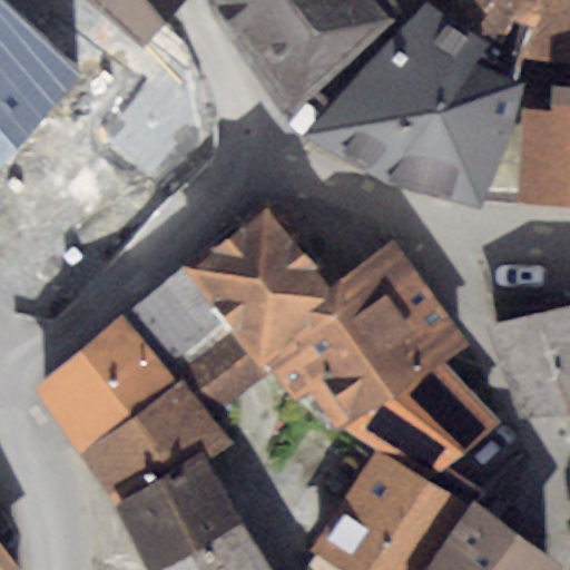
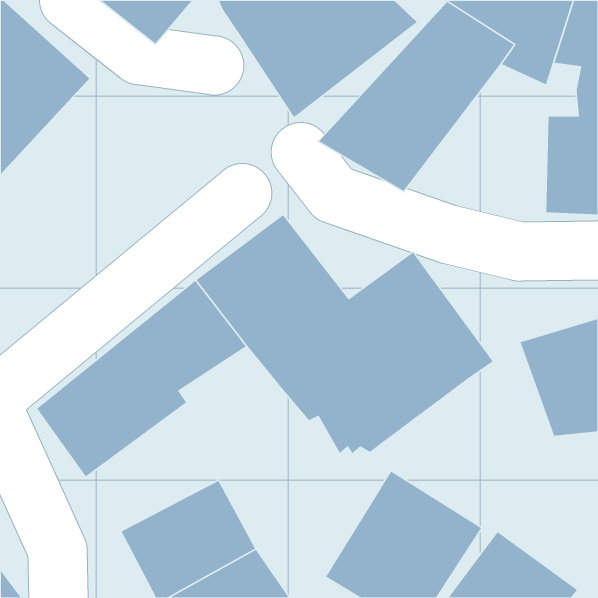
building: [384,61,527,209] -> none
building: [81,330,268,505] -> none
building: [352,361,495,478] -> none

